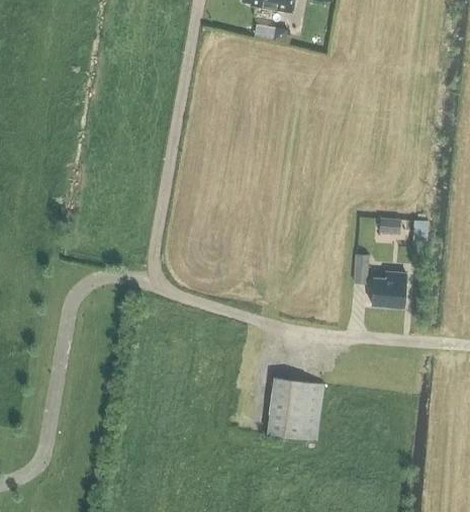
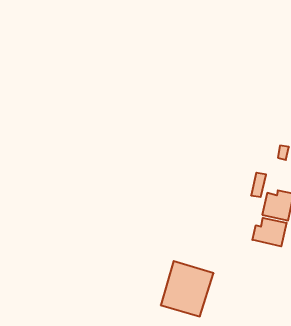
building: none -> [252,218,287,246]

